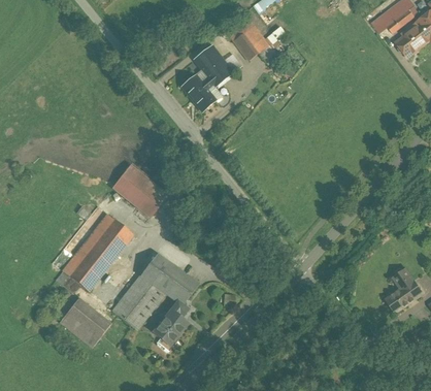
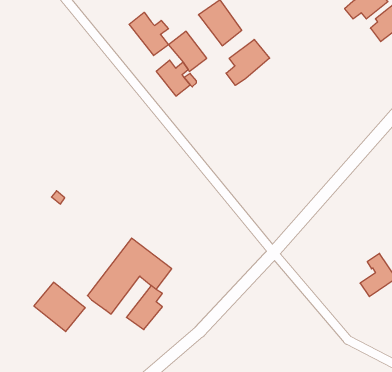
building: none -> [129,12,169,56]
building: none -> [226,39,270,85]
building: [112,170,163,218] -> none
building: [62,214,133,291] -> none

